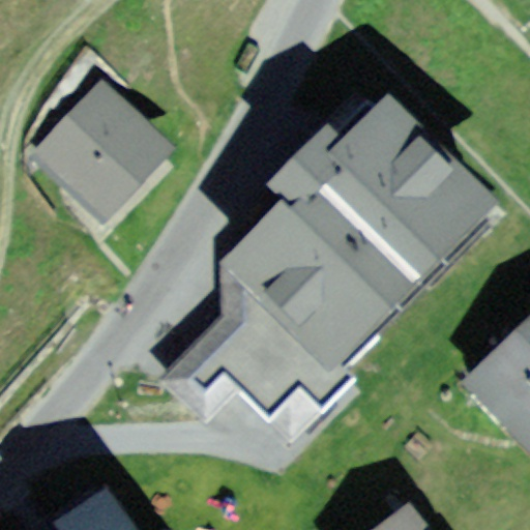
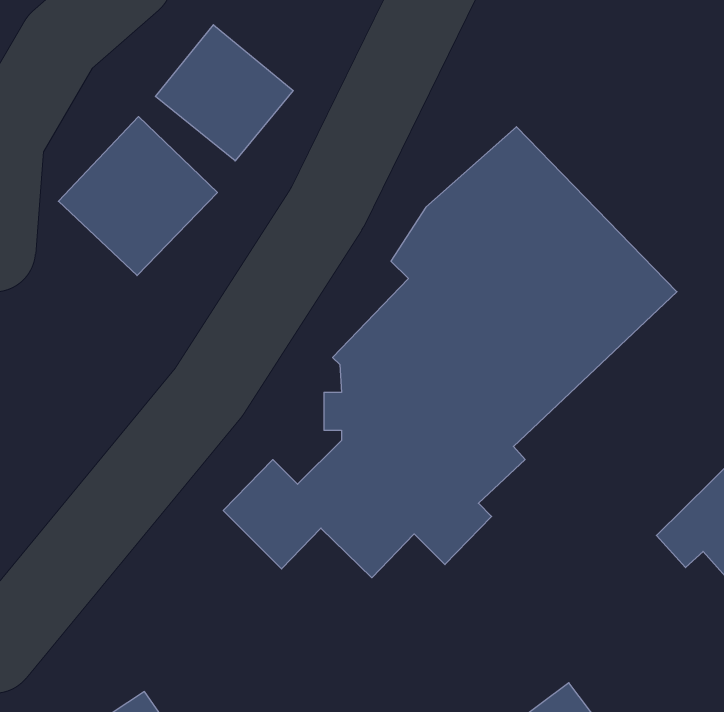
building: none -> [155,25,293,161]

